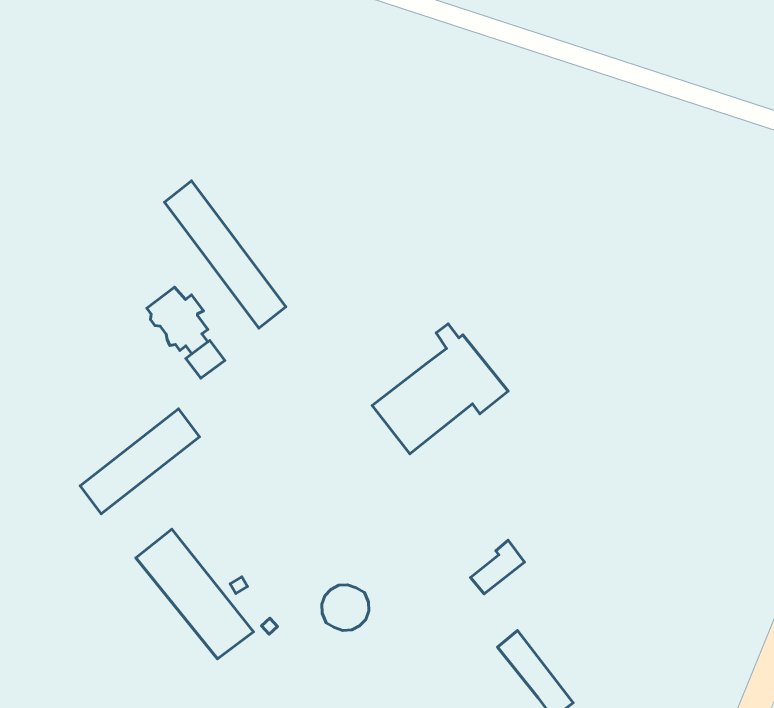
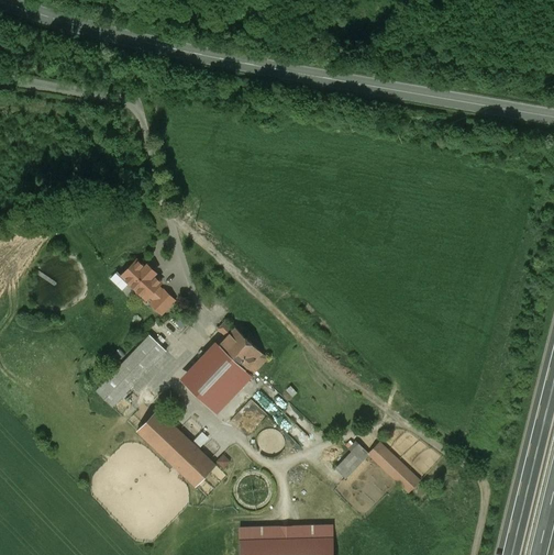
building: [165,181,286,328] -> none
building: [372,324,508,454] -> [185,322,267,406]
building: [471,540,524,594] -> [335,442,367,477]

